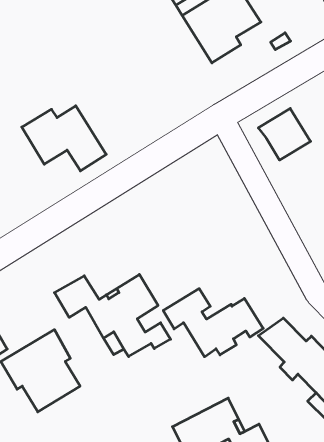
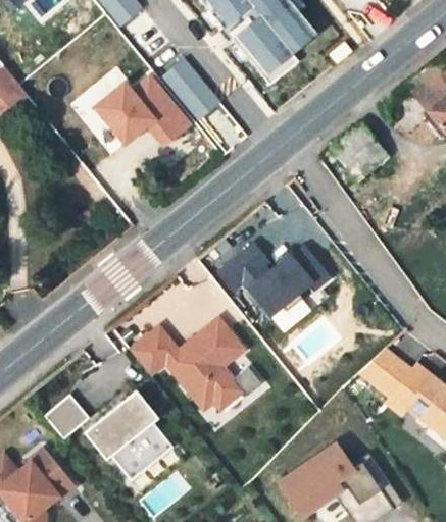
building: none -> [163,57,221,118]
building: [22,106,106,171] -> [96,74,191,144]
building: [163,289,263,357] -> [218,241,329,313]

